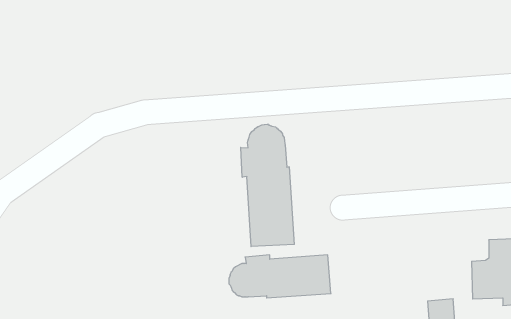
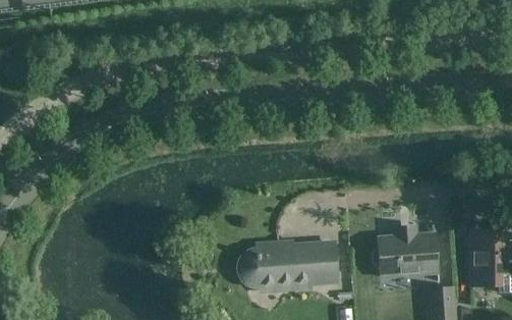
building: [241,124,294,247] -> none
building: none -> [373,228,438,276]

